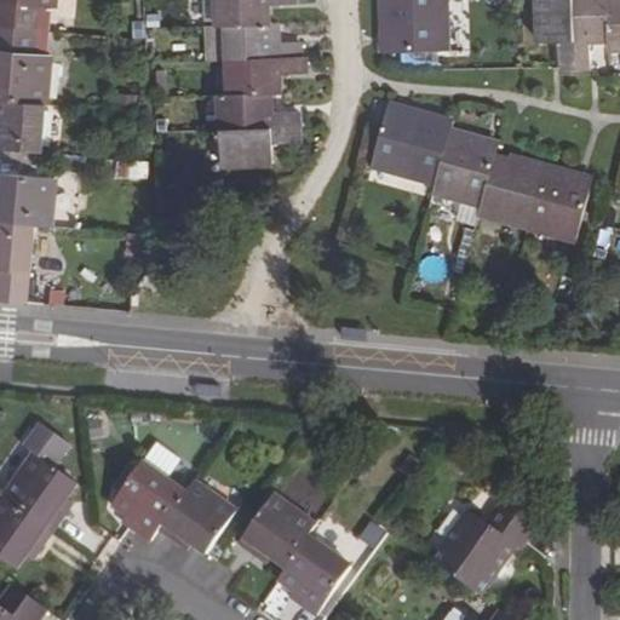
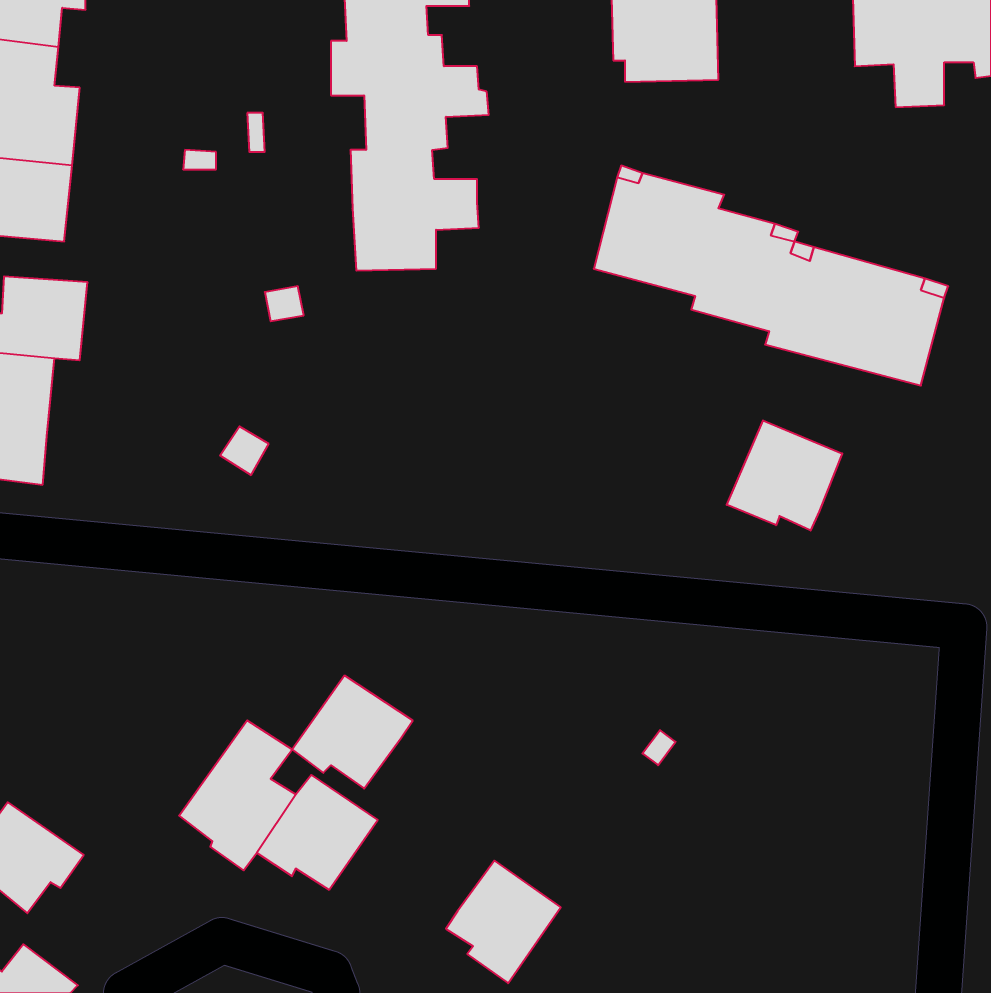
building: none -> [727,420,842,531]
building: [5,425,76,532] -> none
building: [240,496,315,567] -> [292,676,413,789]
building: [434,505,538,595] -> none

